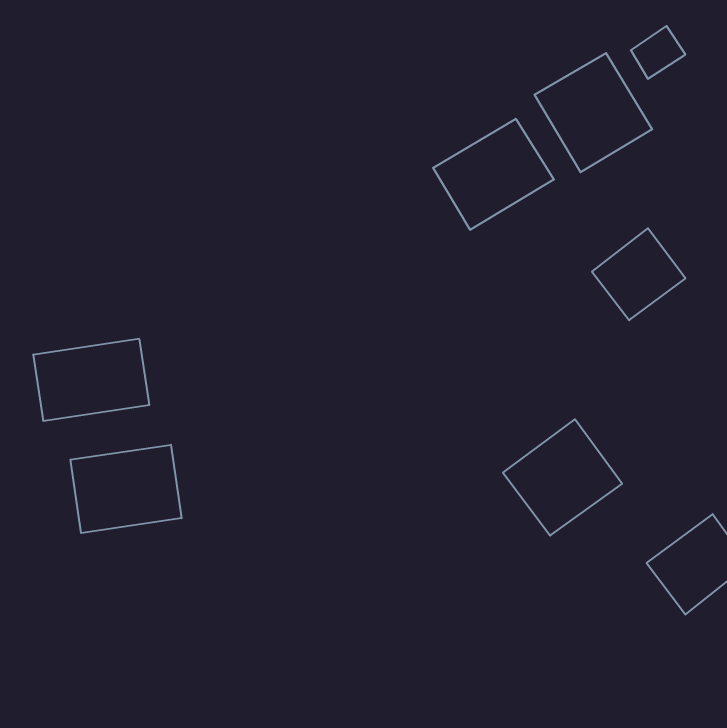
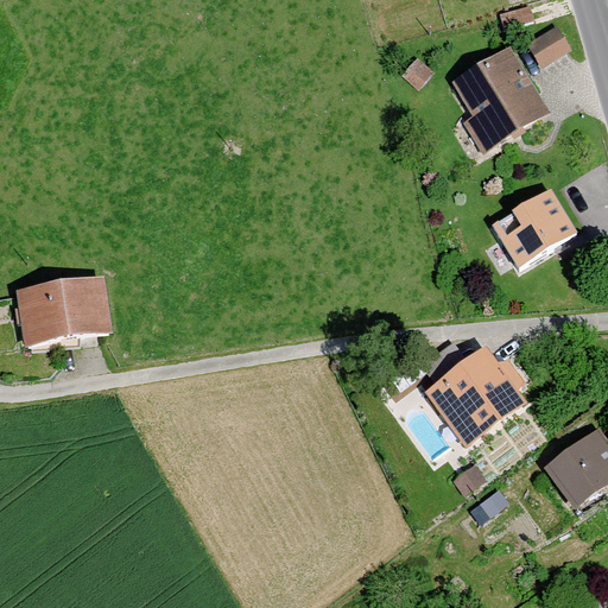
building: [433,119,554,230] -> none
building: [70,445,182,533] -> none

